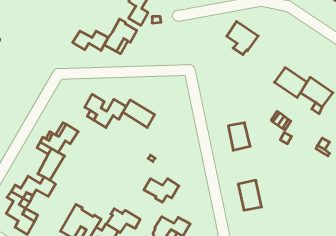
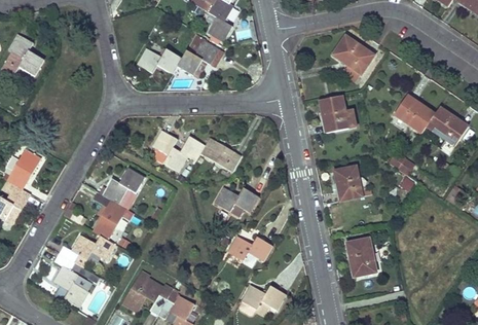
building: none -> [319,96,354,133]
building: none -> [214,187,258,213]
building: [106,209,140,233] -> none

